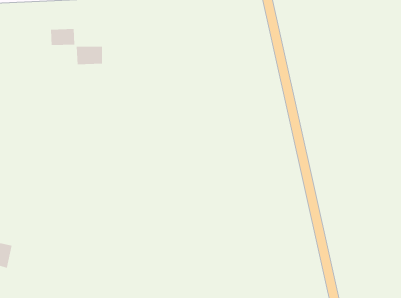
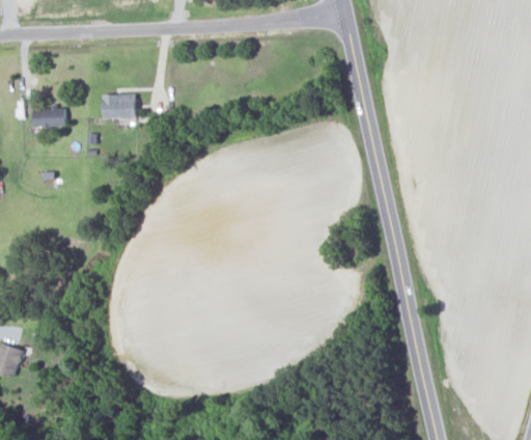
building: [50,29,75,46] -> [33,107,65,129]

